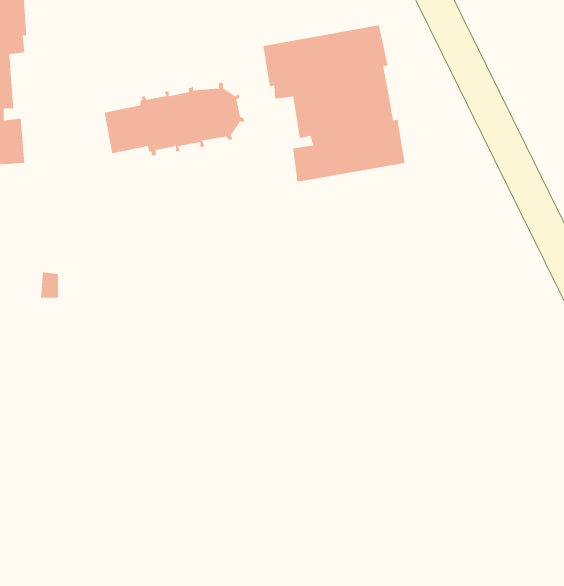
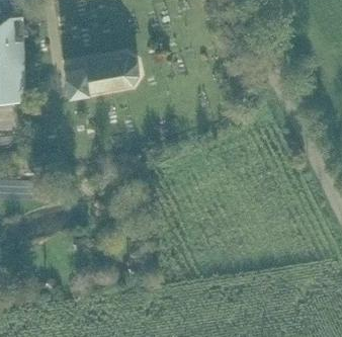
building: [263,24,405,182] -> none

